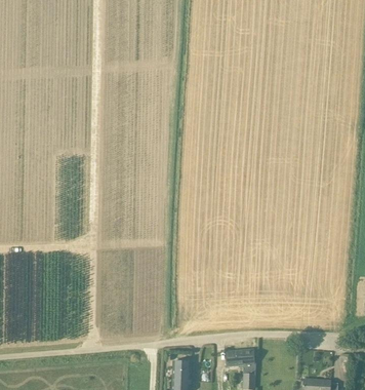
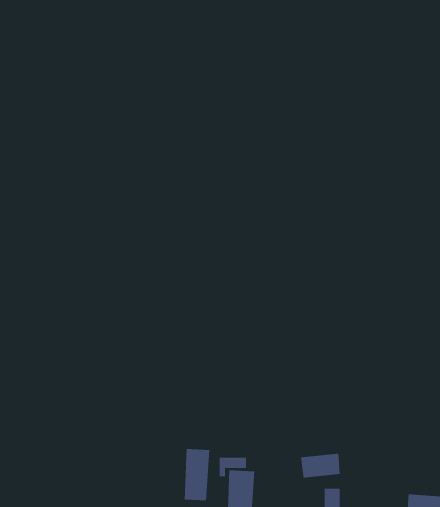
building: none -> [184,448,210,501]

